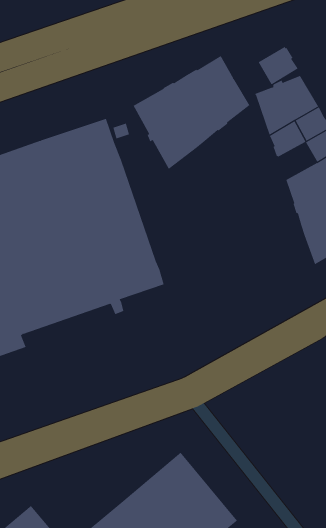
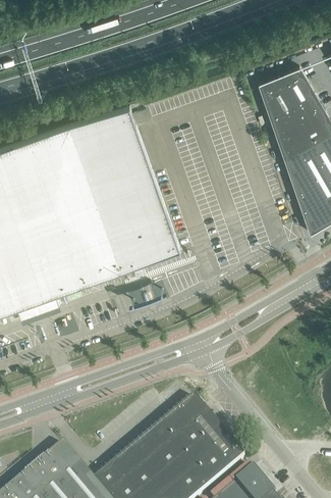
building: [258,46,299,85] -> none
building: [133,55,250,171] -> none
building: none -> [278,128,313,160]

